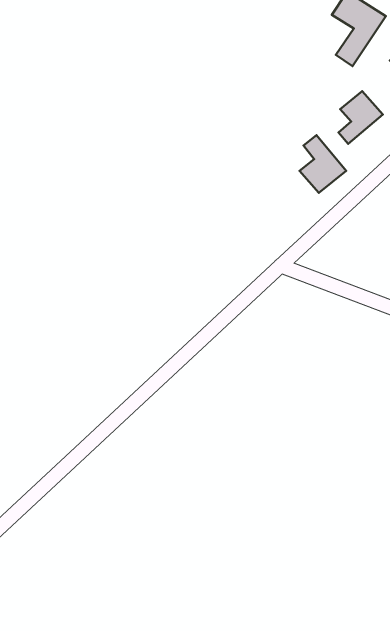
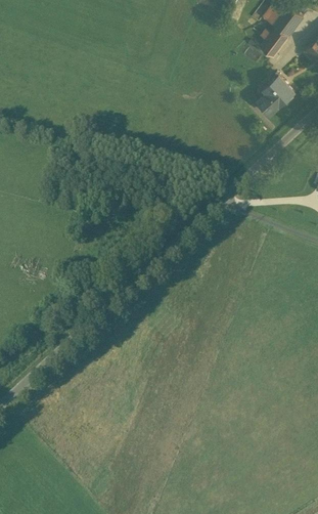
building: [300,135,346,193] -> none

